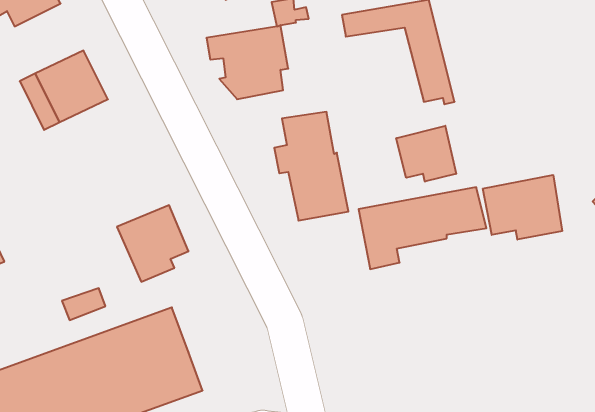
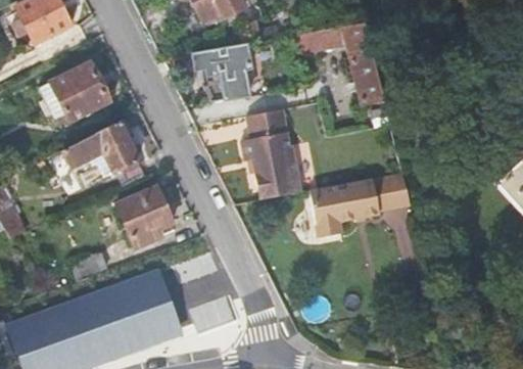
building: none -> [62,123,138,178]
building: [396,126,456,182] -> none
building: [483,175,562,240] -> none

